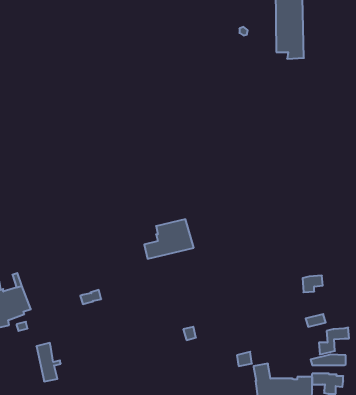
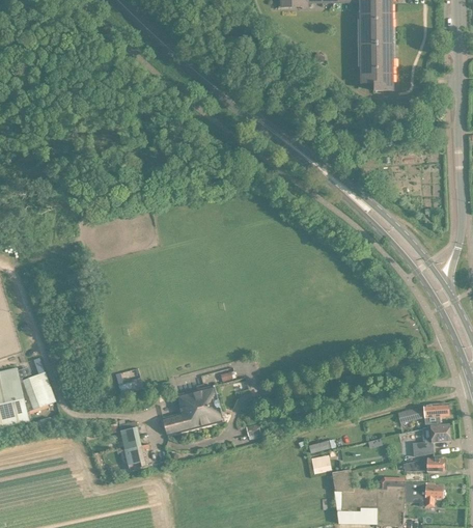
building: [144,219,194,259] -> [162,385,223,434]
building: [303,276,323,292] -> [423,401,448,422]
building: [36,343,61,381] -> [118,420,148,468]

